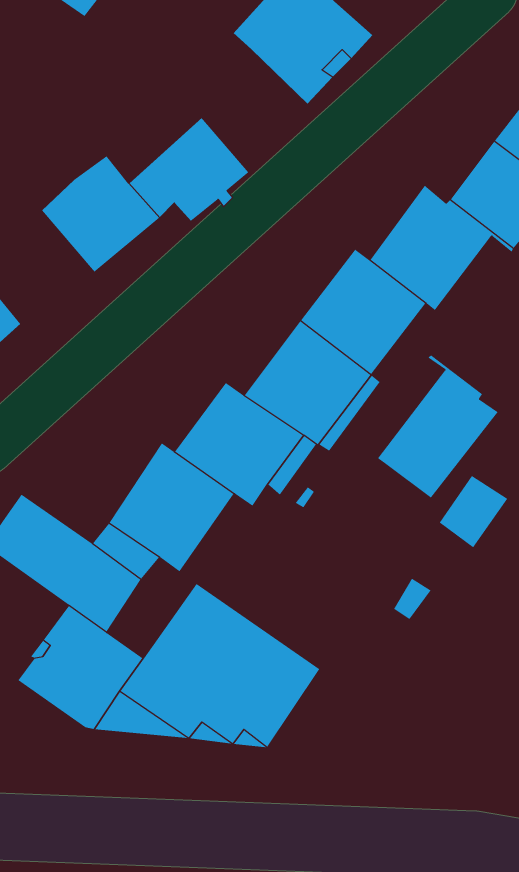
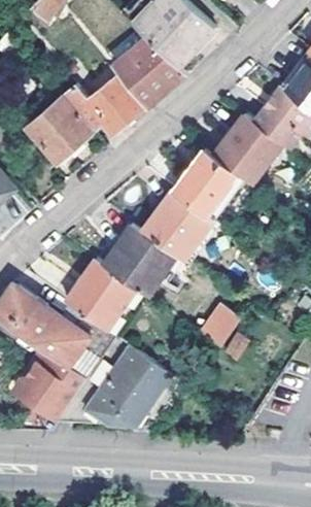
building: none -> [111,35,182,104]
building: [377,355,499,499] -> none
building: [439,475,508,548] -> [201,303,240,344]

